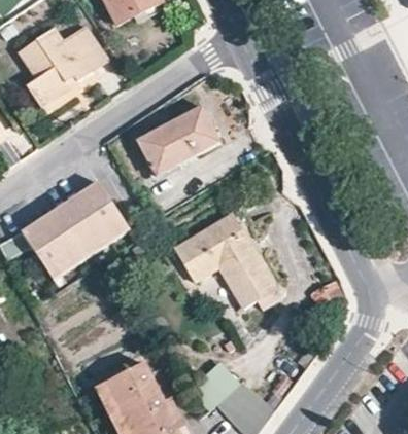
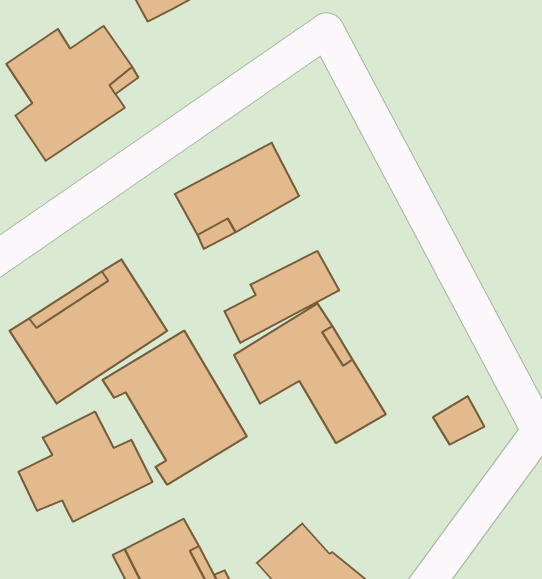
building: none -> [224,251,339,343]
building: none -> [103,331,247,485]
building: none -> [19,412,152,522]

